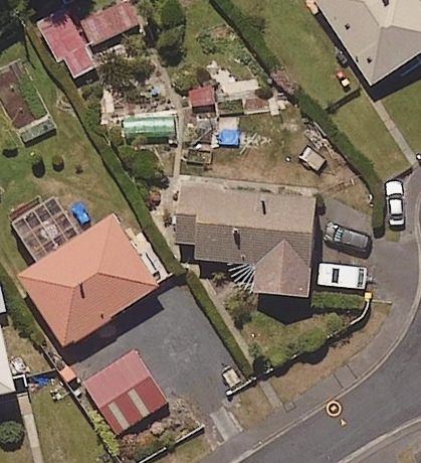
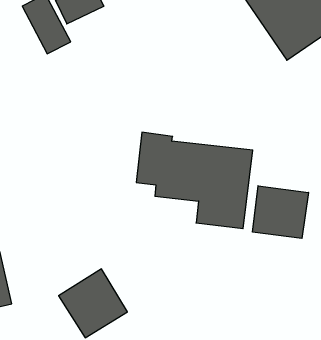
building: [19,214,161,348] -> none
building: none -> [253,186,308,238]

